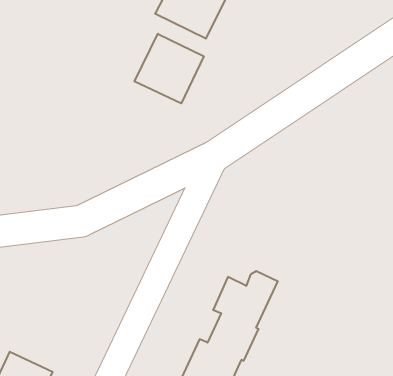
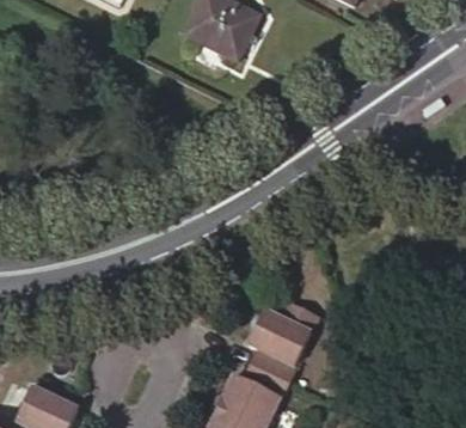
building: [135,34,204,103] -> none

